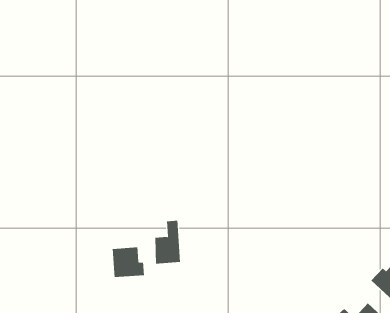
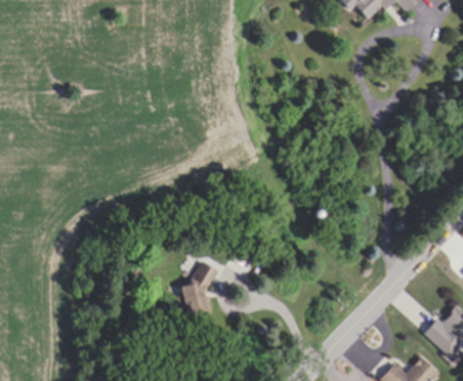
building: [112,247,144,278] -> none

